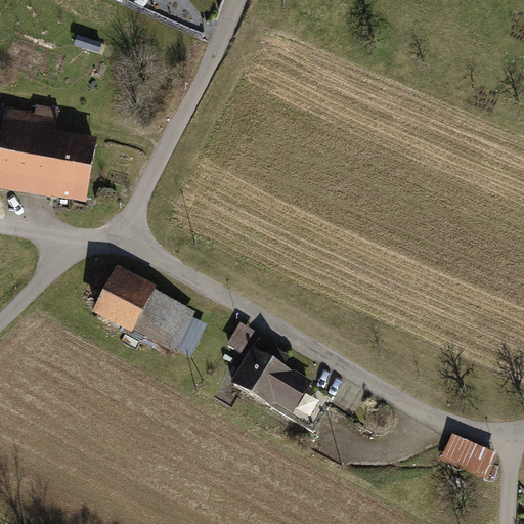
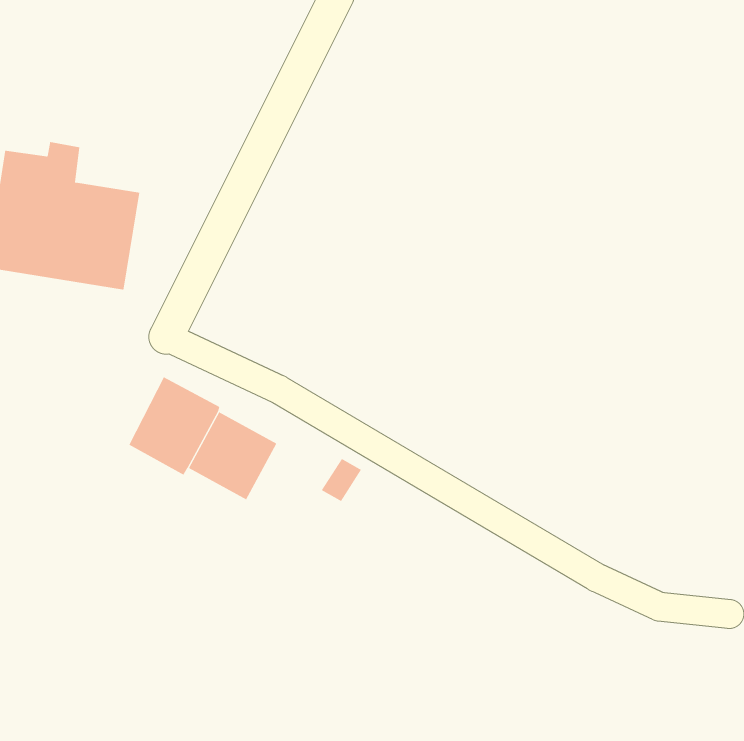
building: [229,345,311,413] -> none
building: [441,433,496,479] -> none

